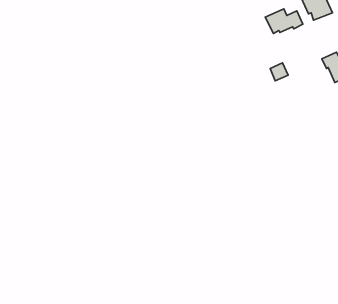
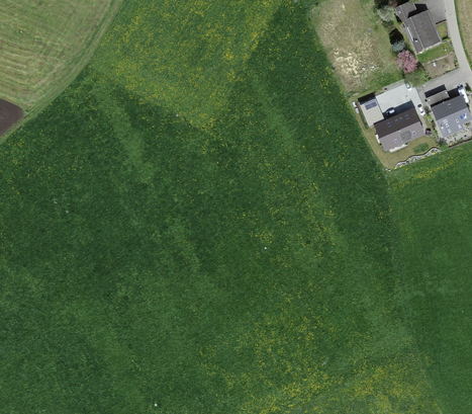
building: [265,9,303,34] -> none
building: none -> [379,110,422,145]

